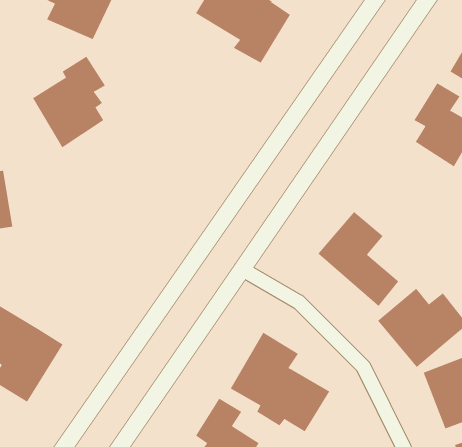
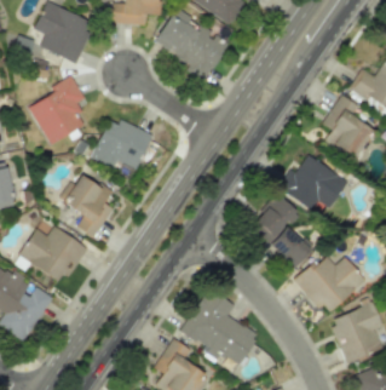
building: none -> [91,120,152,171]
building: none -> [281,154,348,212]
building: none -> [59,174,114,239]
building: none -> [19,226,86,285]

